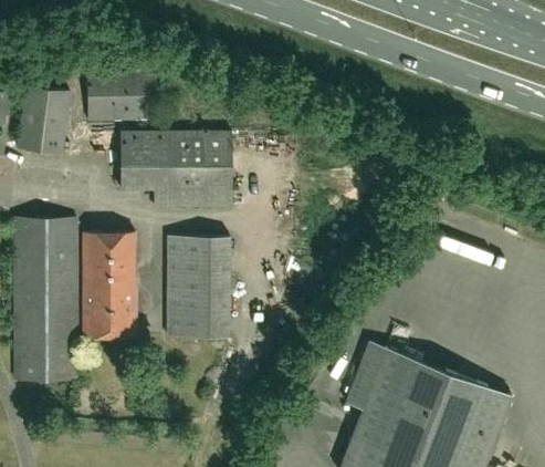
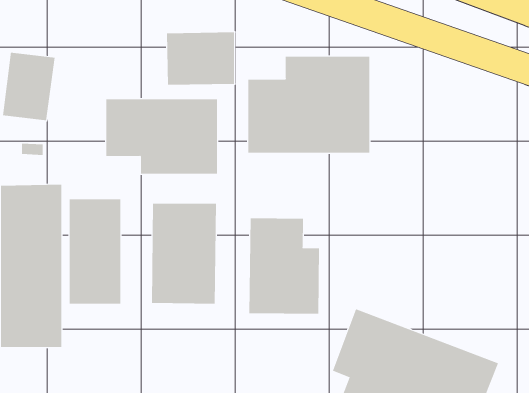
building: [86,68,155,121] -> [166,32,235,85]
building: none -> [248,56,370,153]
building: none -> [249,218,320,314]

